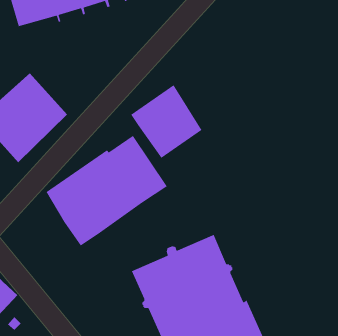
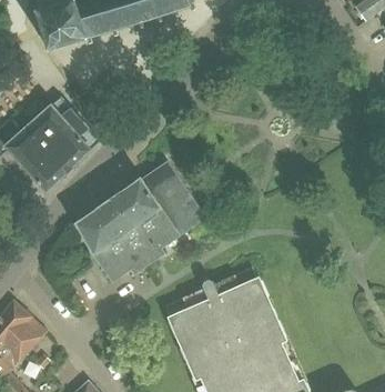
building: [130,84,202,159] -> none

